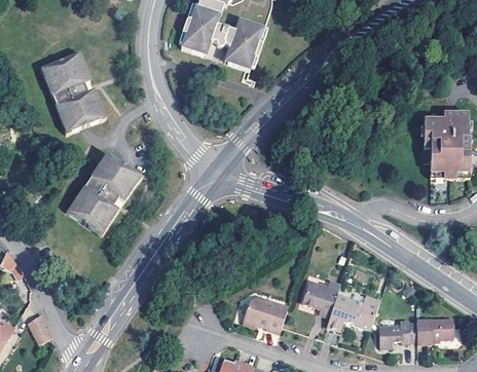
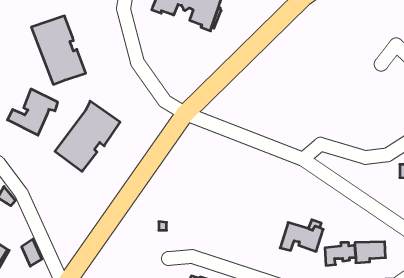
building: [424,114,470,180] -> none
building: none -> [7,89,57,135]
building: [303,277,339,313] -> none
building: [248,294,289,330] -> none

